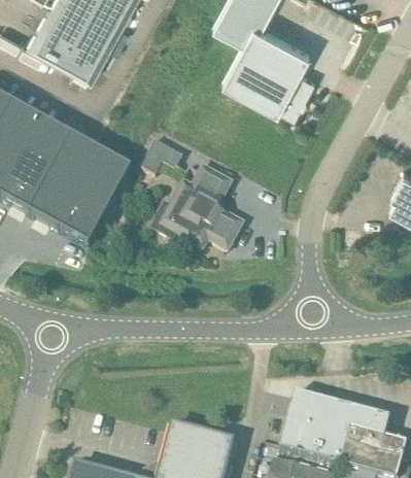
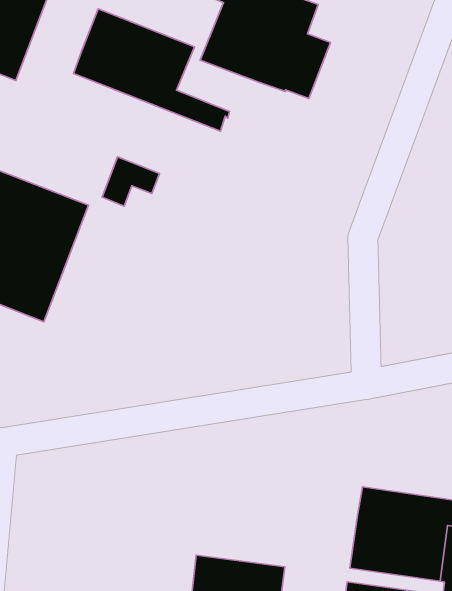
building: none -> [74,9,229,131]
building: [152,164,243,248] -> none

